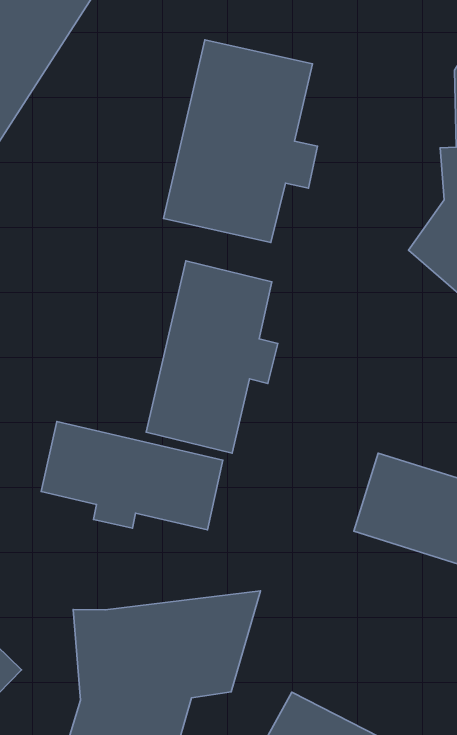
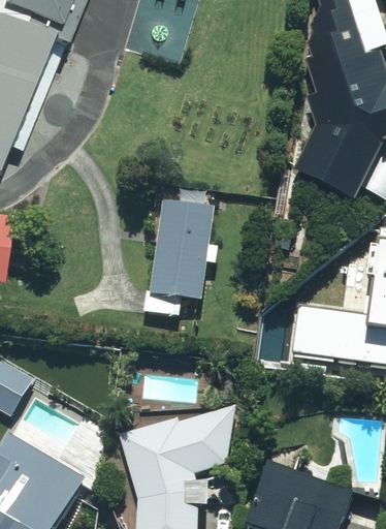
building: [164,40,317,243] -> none
building: [41,422,223,530] -> none

